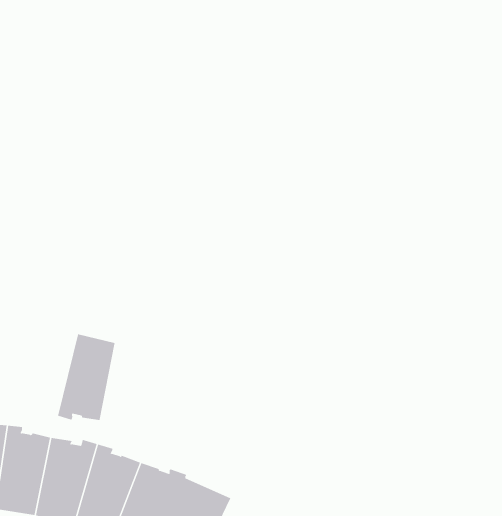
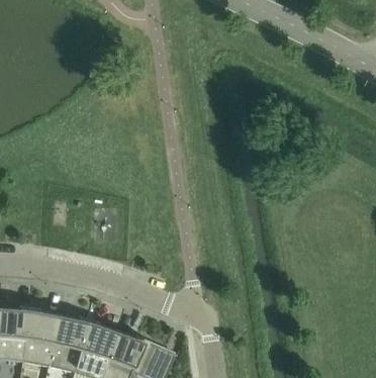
building: [57,334,115,421] -> none

